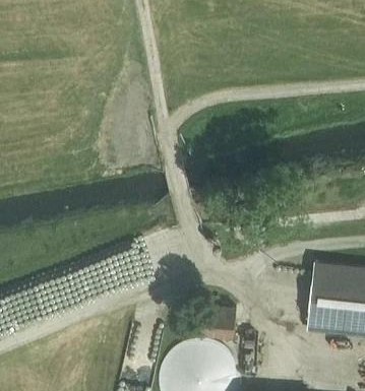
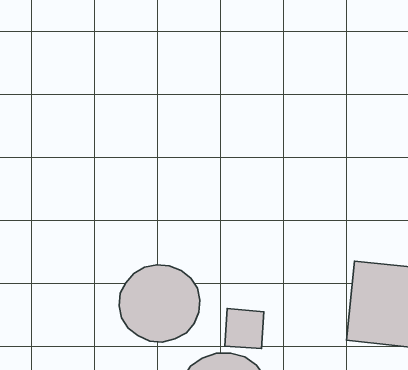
building: none -> [119,265,200,342]

